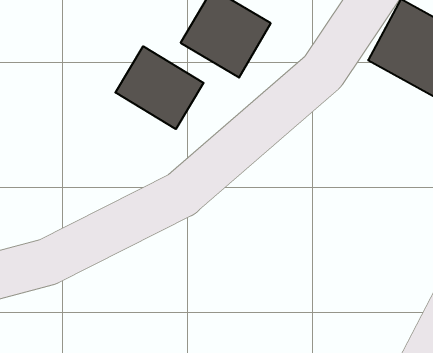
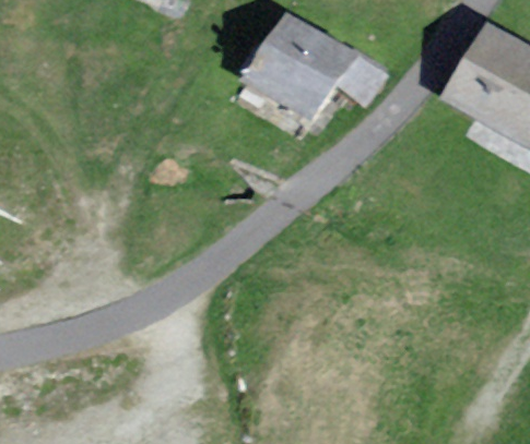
building: [115,46,204,129] -> none

